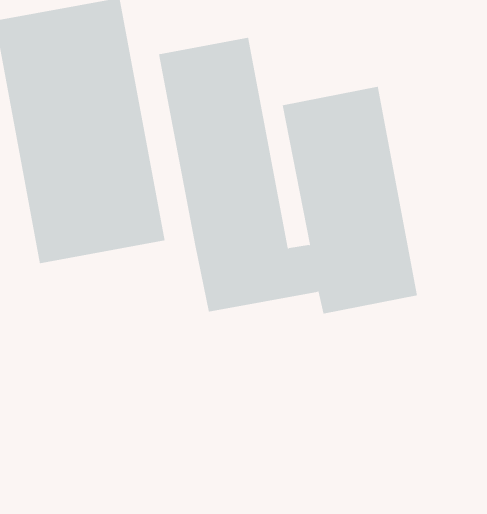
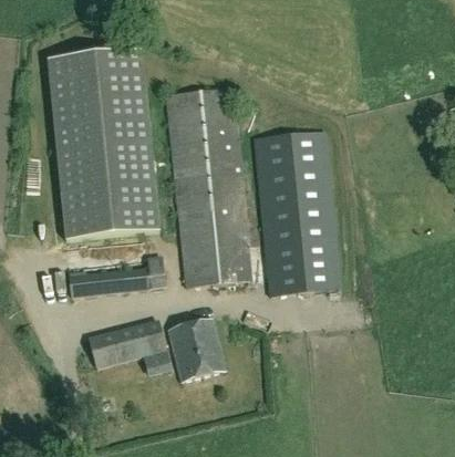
building: none -> [70,257,165,297]
building: none -> [89,319,225,382]

